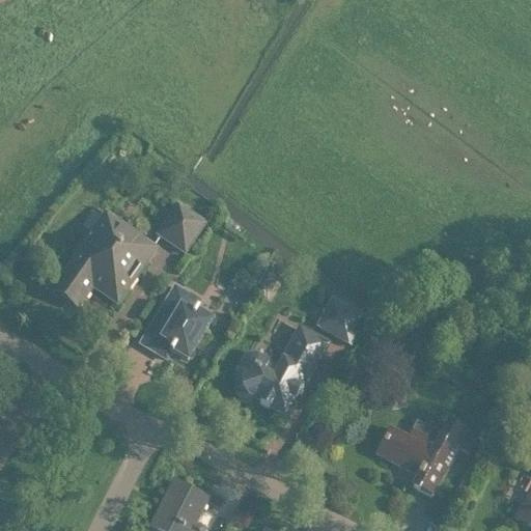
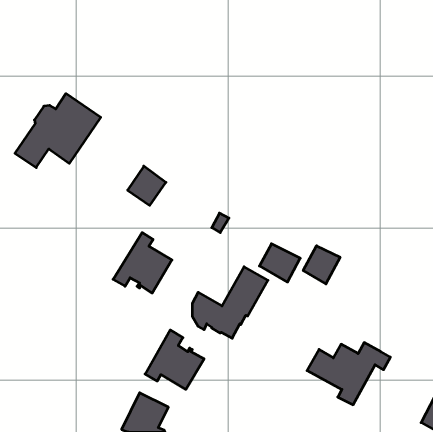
building: [51,216,156,306] -> [15,94,101,168]
building: none -> [303,246,340,284]
building: none -> [145,330,204,389]

